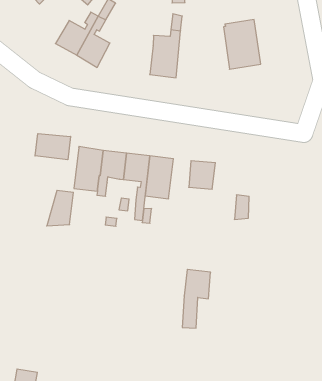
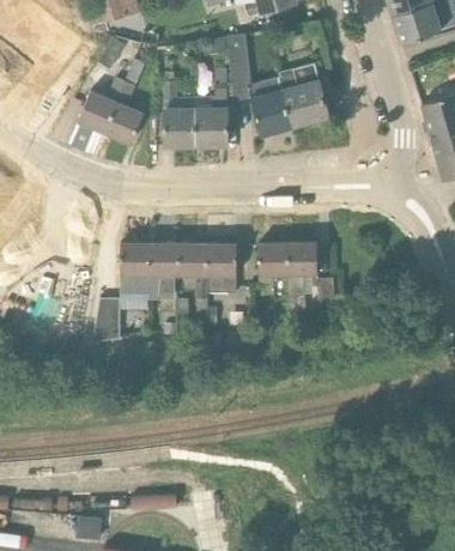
building: none -> [232,65,292,135]
building: none -> [165,81,196,146]
building: [35,134,71,160] -> none
building: [182,269,211,328] -> [289,242,318,313]

